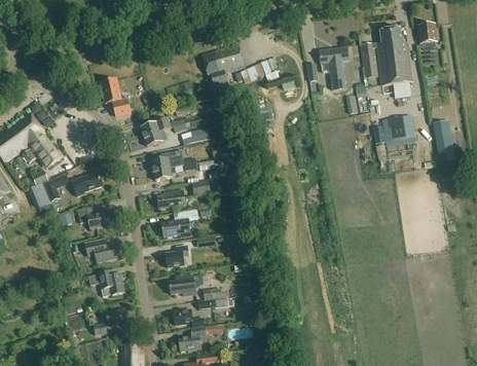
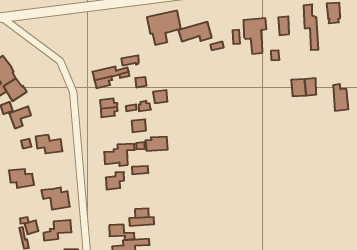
building: [377,28,403,84] -> none
building: [100,78,131,115] -> none
building: [71,172,102,195] -> none
building: [156,189,184,208] -> [145,137,168,151]
building: [84,239,116,262] -> [9,169,34,188]
building: [169,273,195,295] -> none

